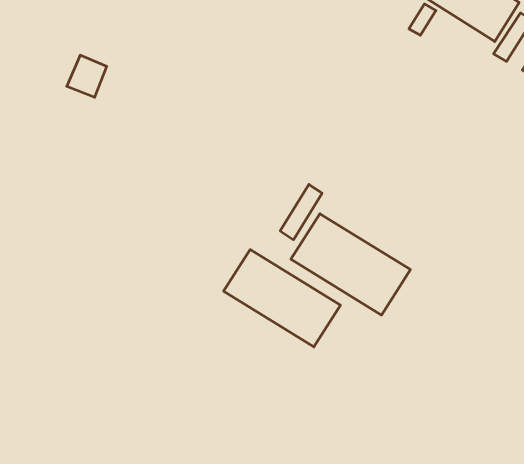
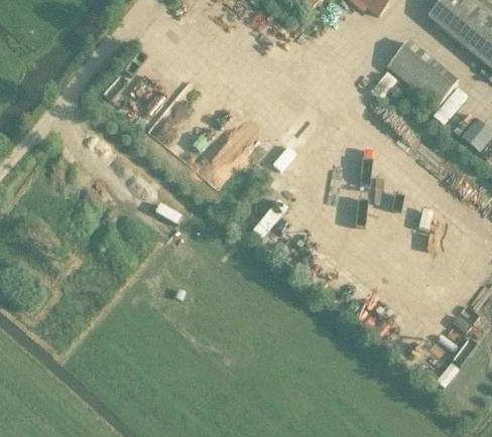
building: [291,214,410,315] -> none
building: [224,250,340,347] -> none

